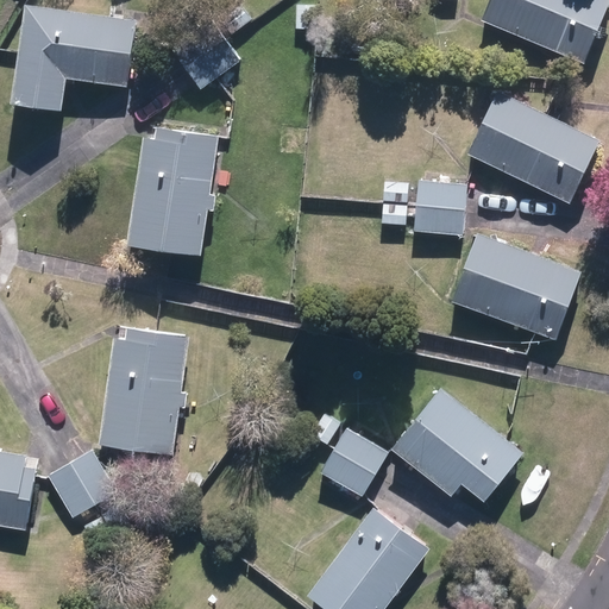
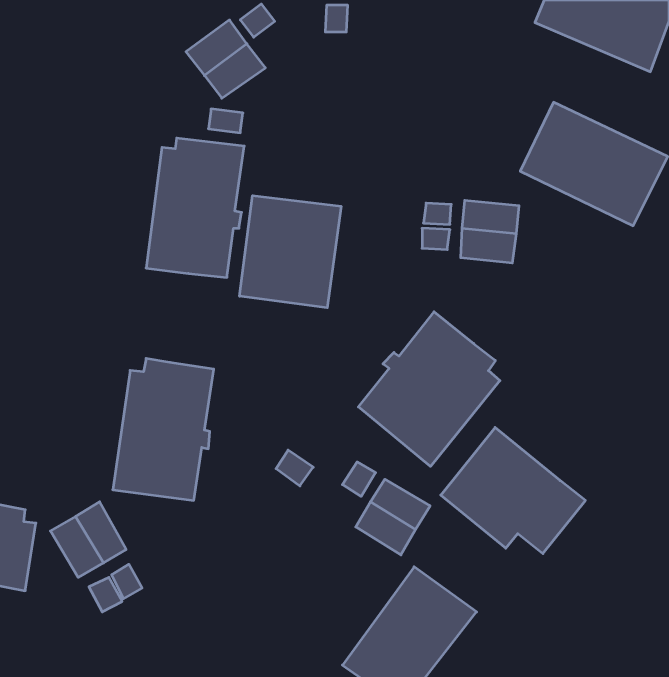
building: [11,6,134,112] -> none
building: none -> [240,196,341,308]
building: [456,230,584,337] -> none
building: none -> [358,312,500,466]

